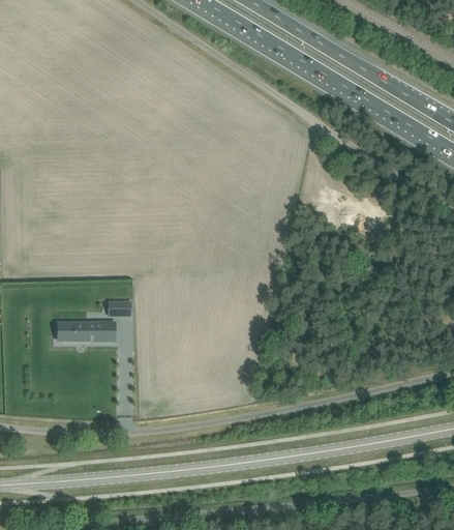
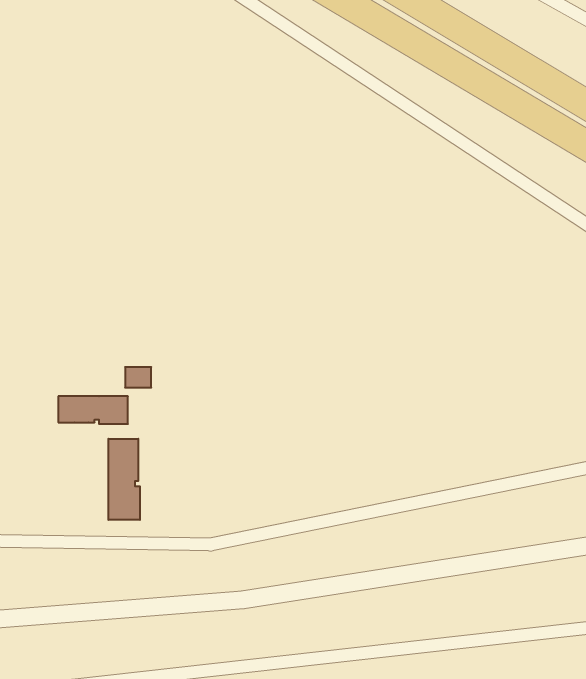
building: none -> [108,439,140,520]

